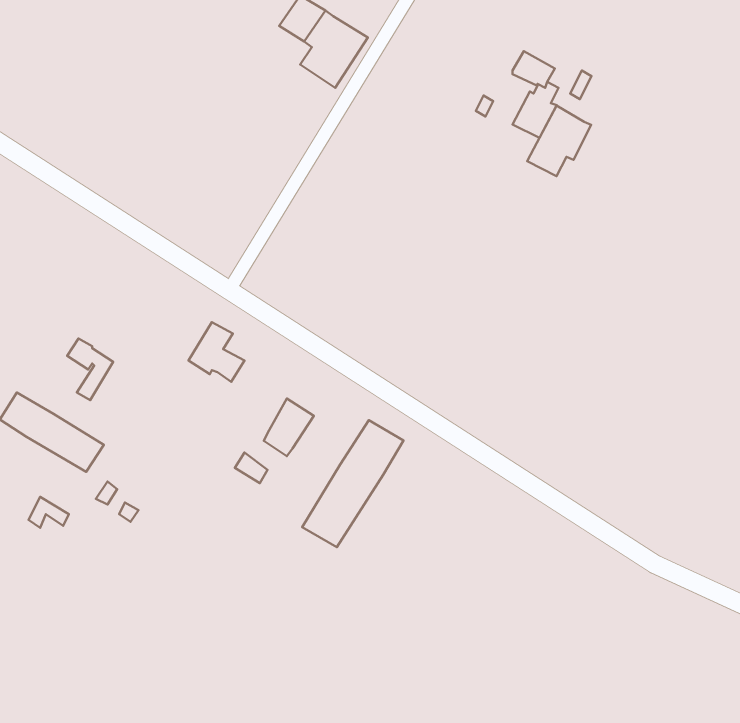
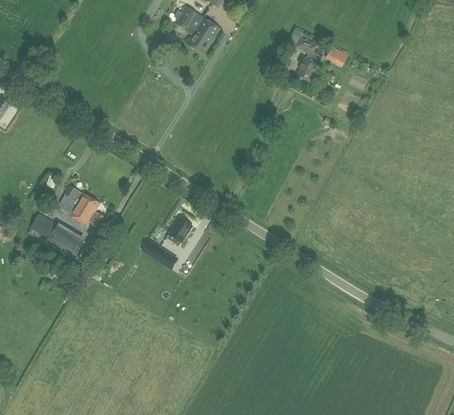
building: [527,106,591,176] -> none
building: [189,322,245,382] -> [75,196,104,227]
building: [302,420,403,547] -> none

